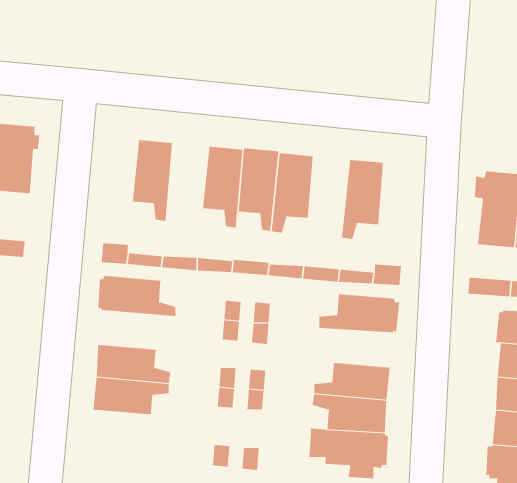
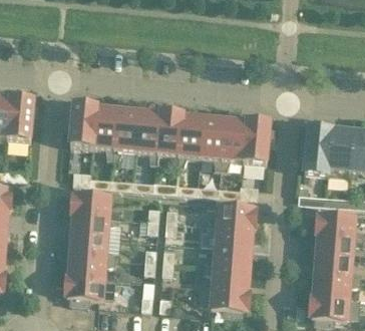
building: none -> [69,102,96,145]
building: none -> [113,108,139,156]
building: none -> [201,116,226,167]
building: none -> [244,119,272,161]
building: none -> [71,211,119,235]
building: none -> [206,222,253,246]
building: none -> [64,272,114,302]

